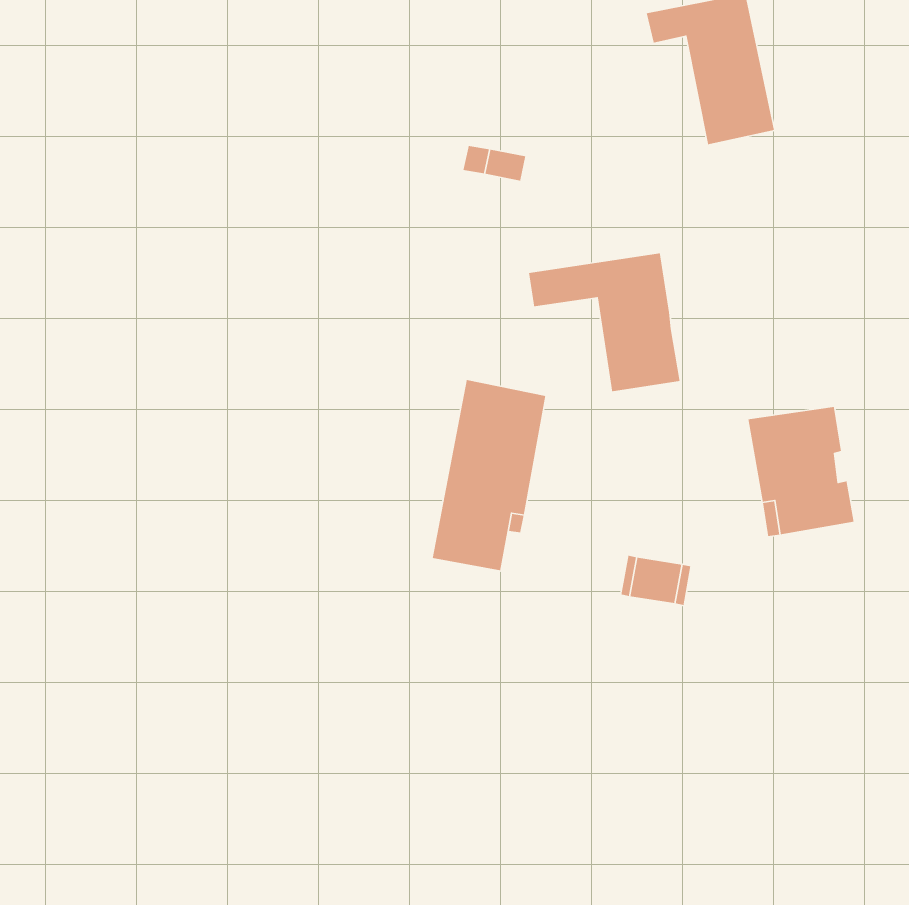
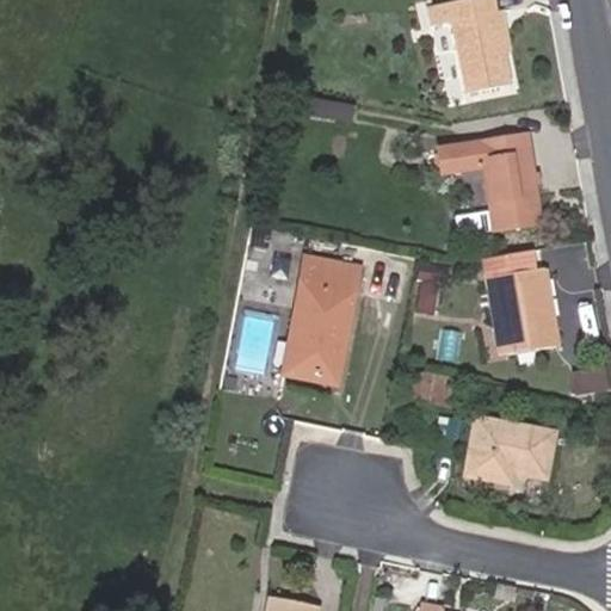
building: [528,253,681,392] -> [440,141,541,233]
building: none -> [467,413,556,480]

